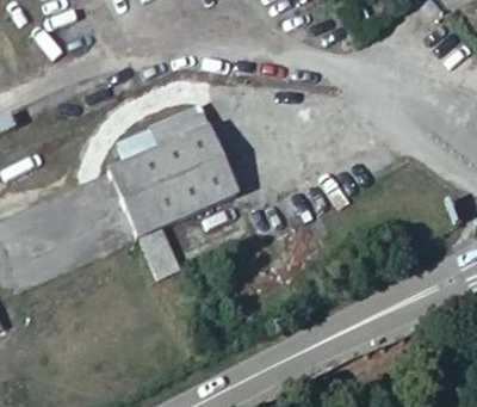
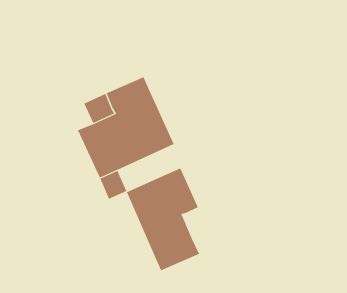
building: none -> [126,168,200,271]

